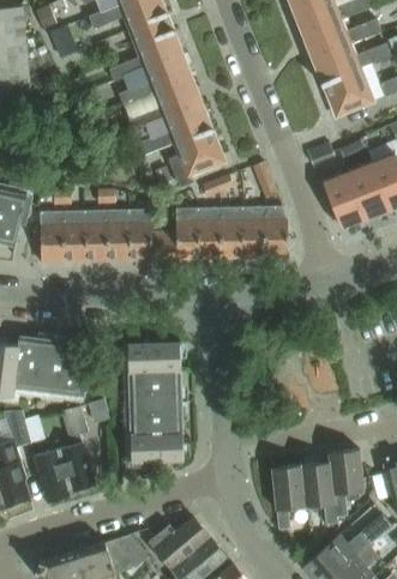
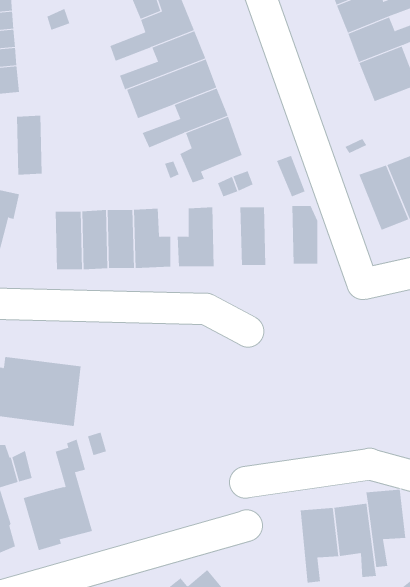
building: [242,205,266,257] -> none
building: [198,206,222,258] -> none
building: [41,210,64,261] -> [16,115,43,175]
building: [128,342,184,460] -> none

